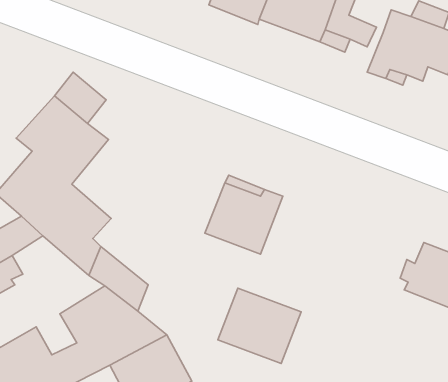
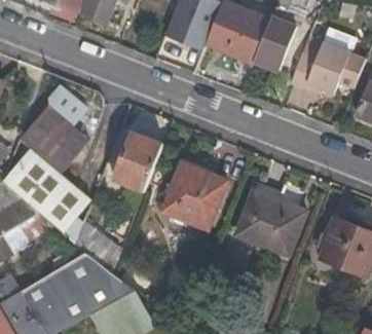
building: none -> [112,129,160,191]
building: [218,288,301,364] -> [236,193,301,252]

